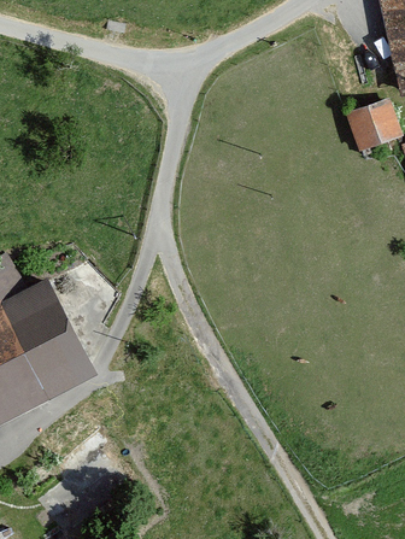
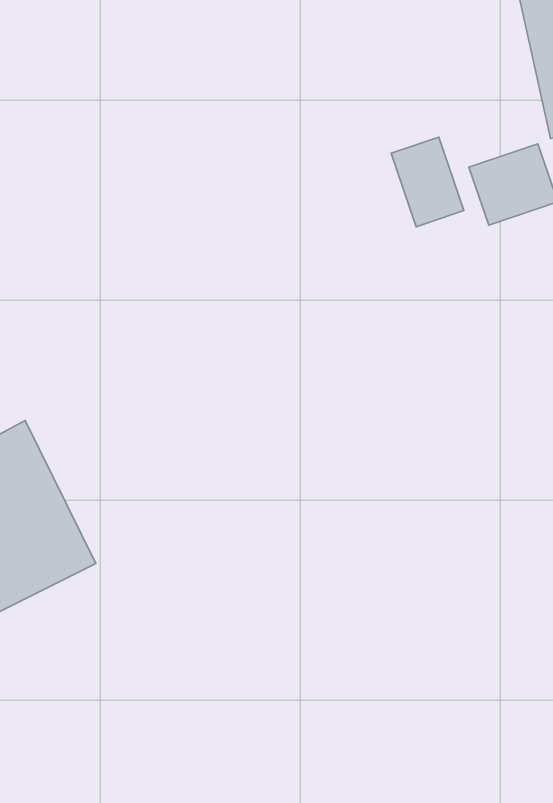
building: none -> [391,137,464,227]

